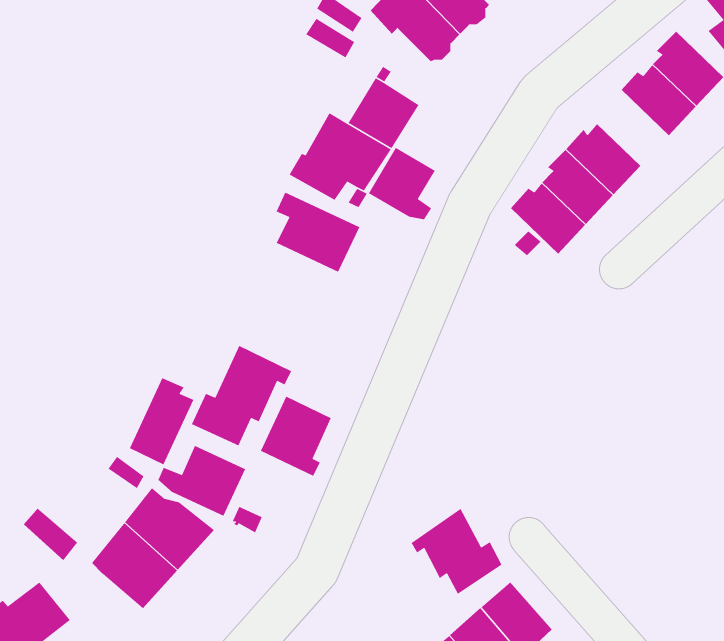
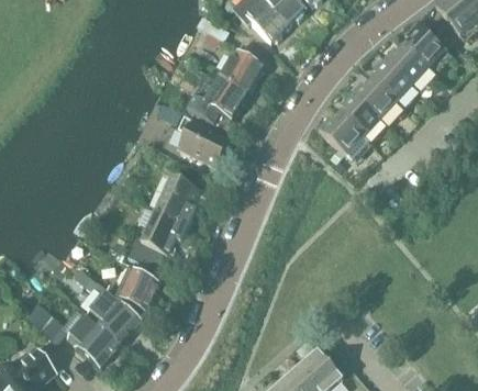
building: none -> [369,56,412,101]
building: [368,147,436,220] -> none
building: [129,377,194,465] -> none
building: [260,396,332,477] -> [156,175,199,223]
building: [411,508,503,595] -> none

